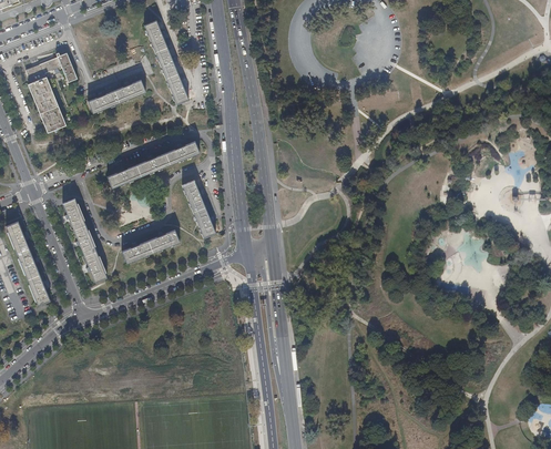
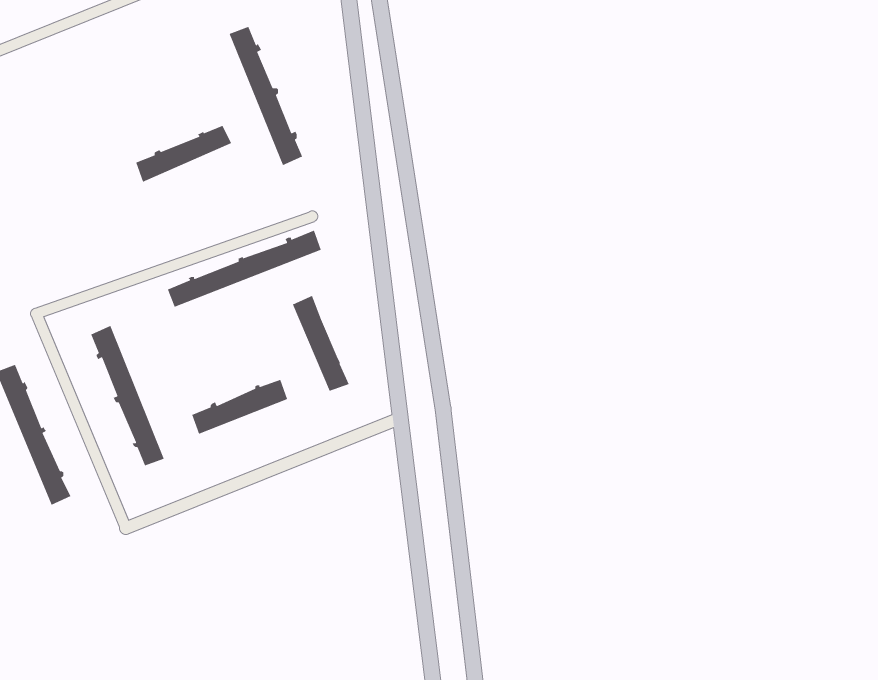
building: [25,52,76,132] -> none

